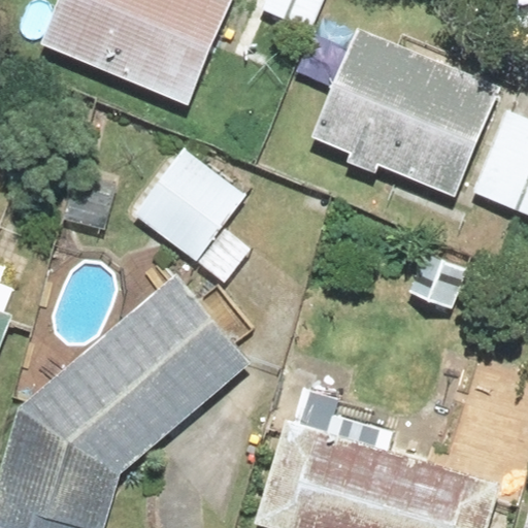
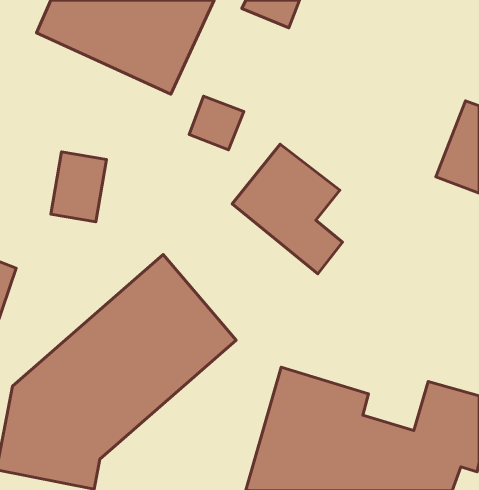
building: [309,24,498,197] -> none
building: [131,150,250,289] -> [232,144,343,274]

